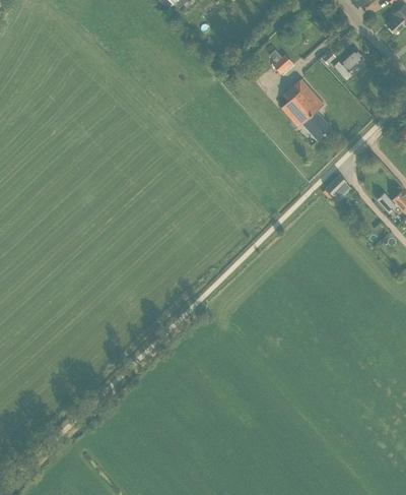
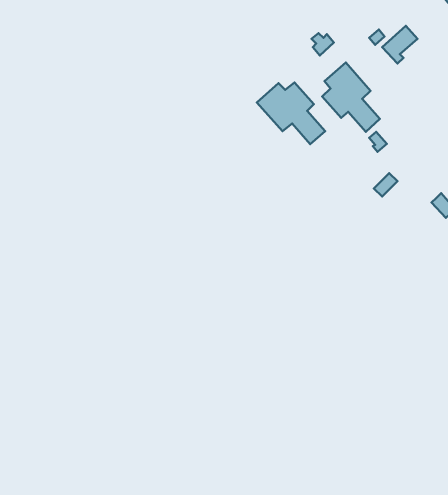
building: none -> [257,82,325,144]

